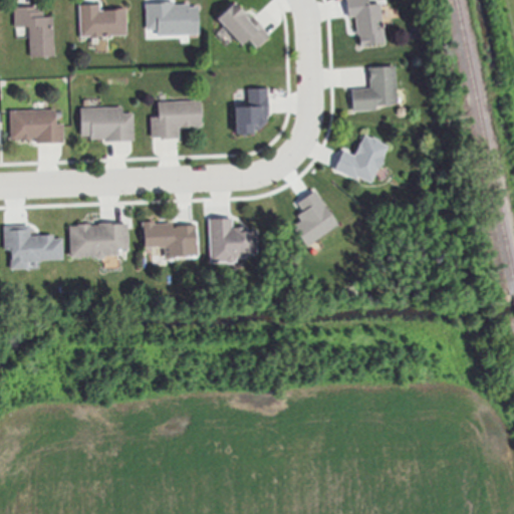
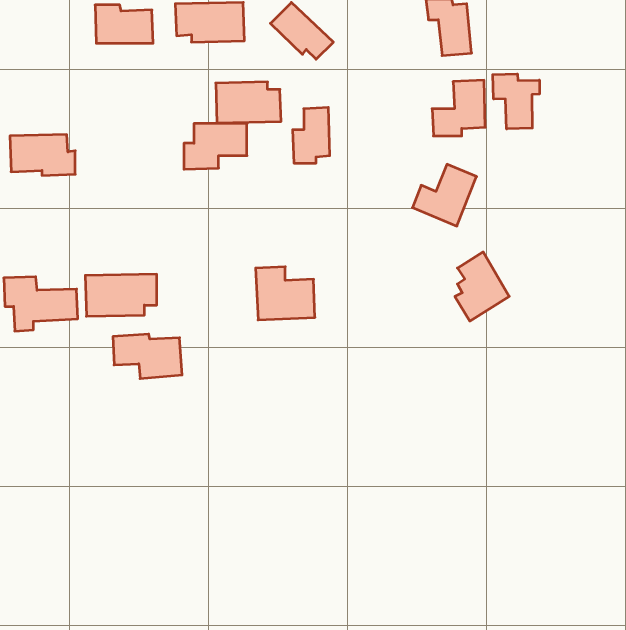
building: [12,6,52,56] -> none
building: none -> [493,74,539,129]
building: [79,106,133,140] -> [216,82,281,123]
building: [294,189,338,245] -> [455,252,509,321]
building: [142,221,198,257] -> [113,334,182,379]

